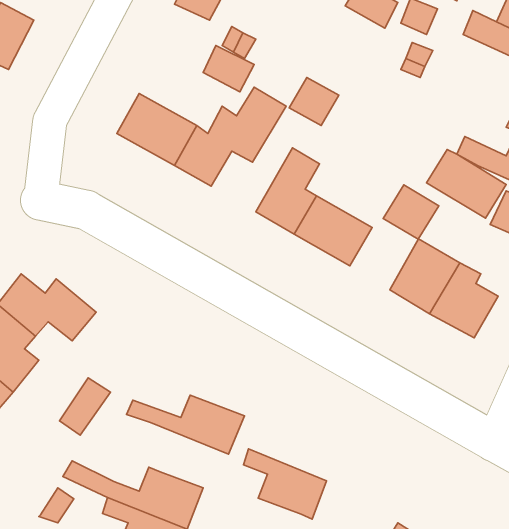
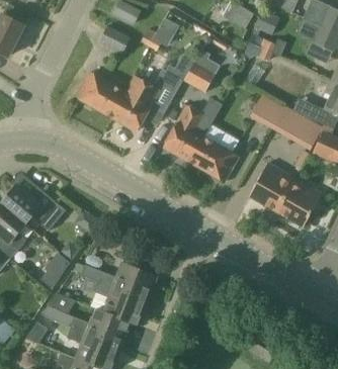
building: [203,45,254,92] -> [99,25,132,55]
building: [383,185,439,239] -> [250,93,285,127]
building: [244,449,327,519] -> [94,279,147,324]

